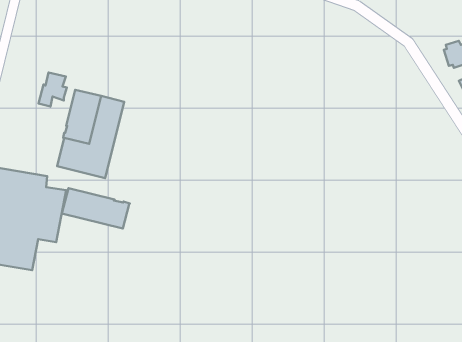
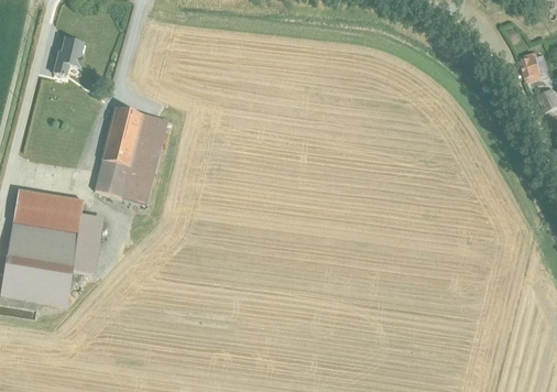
building: [39,73,67,107] -> [53,37,84,75]
building: [62,188,130,229] -> none

